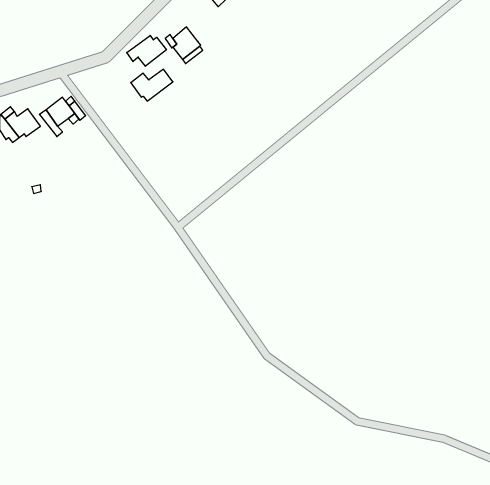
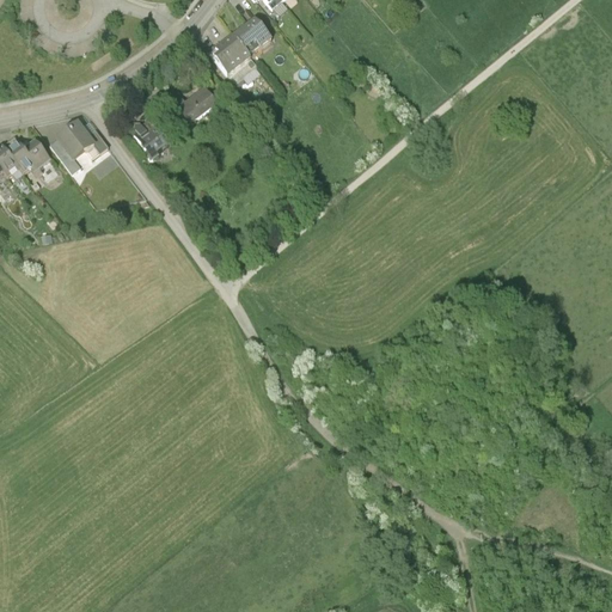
building: none -> [232,17,270,51]
building: [127,35,166,66] -> none
building: none -> [133,117,165,158]

